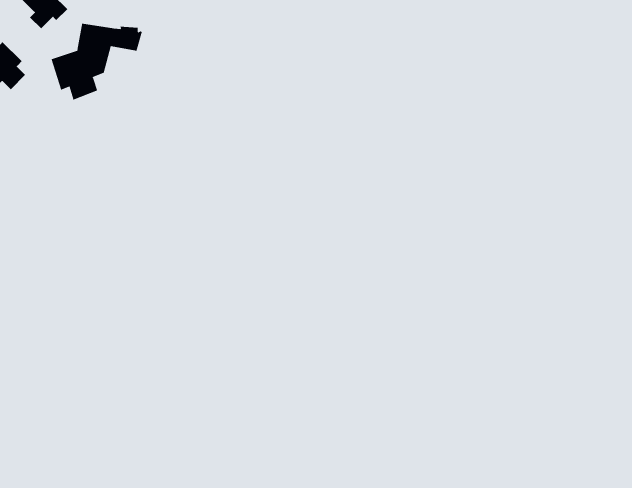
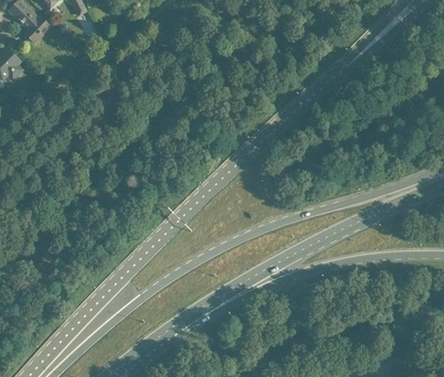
building: [51,23,143,100] -> none

